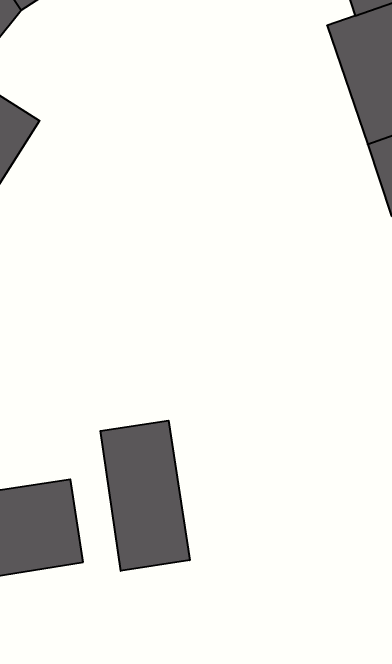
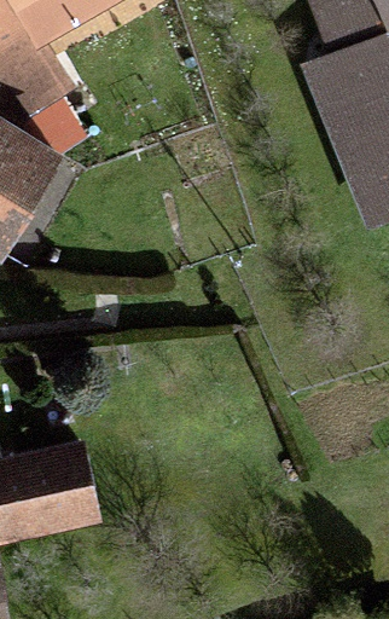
building: [100,421,190,571] -> none

